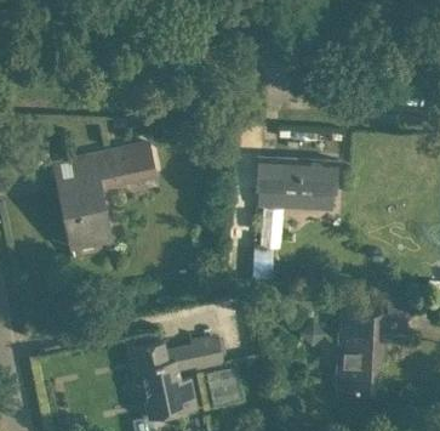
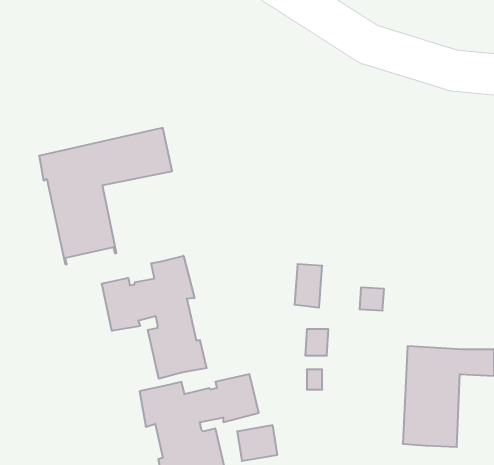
building: [255,159,338,219] -> none
building: none -> [102,256,207,379]

